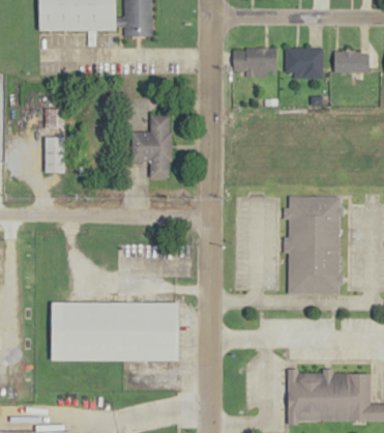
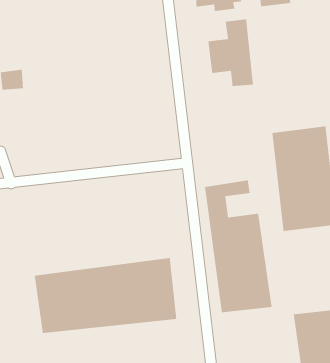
building: [131,114,171,177] -> [207,18,254,87]
building: [45,137,65,172] -> none
building: none -> [204,179,272,313]

